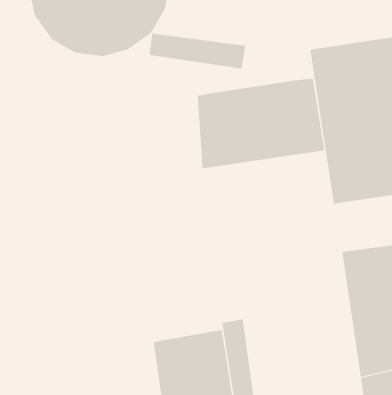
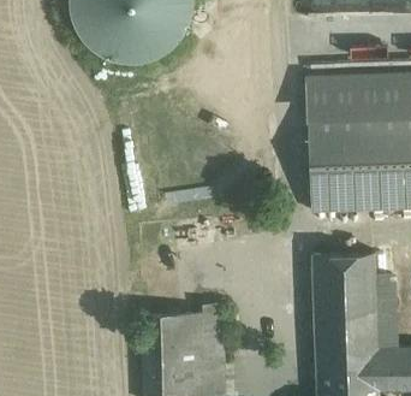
building: [149,33,246,69] -> none
building: [197,78,325,169] -> none

